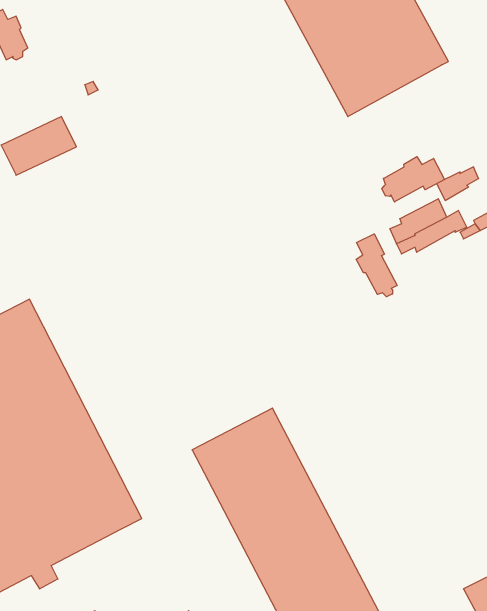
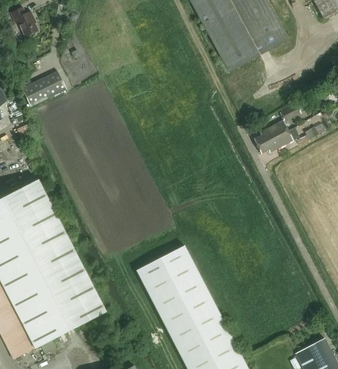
building: [382,157,445,202] -> none
building: [356,234,397,297] -> none

